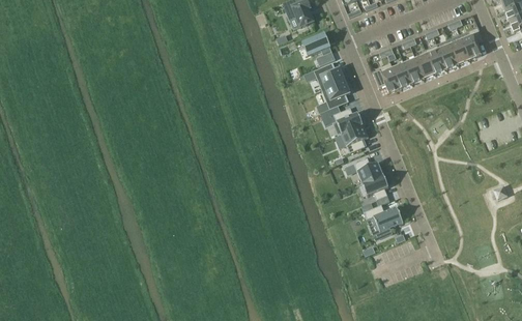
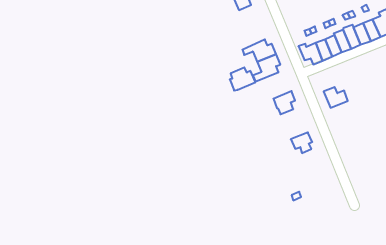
building: [300,32,334,65] -> none
building: [330,107,361,135] -> [230,67,256,91]
building: [352,157,381,182] -> [324,87,348,108]
building: [363,204,401,231] -> none

